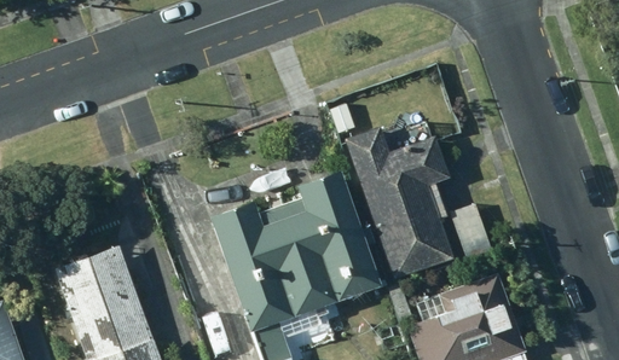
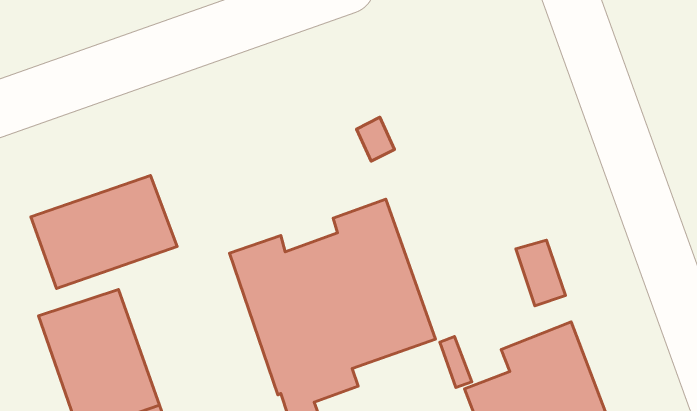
building: [345,126,453,280] -> none
building: none -> [31,175,177,289]

